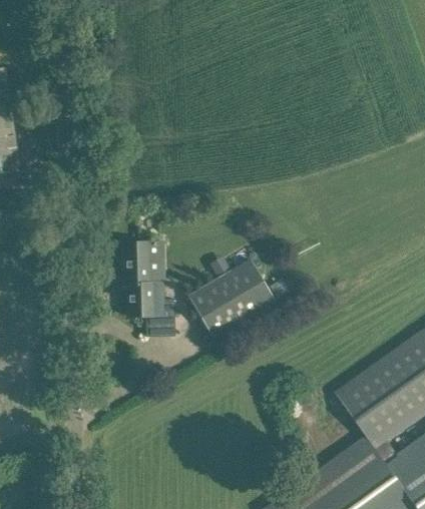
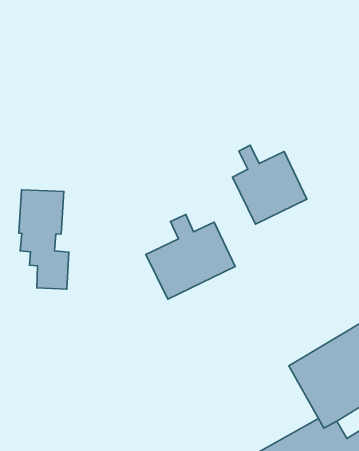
building: none -> [232,145,307,224]
building: [123,240,175,336] -> [19,190,69,289]

